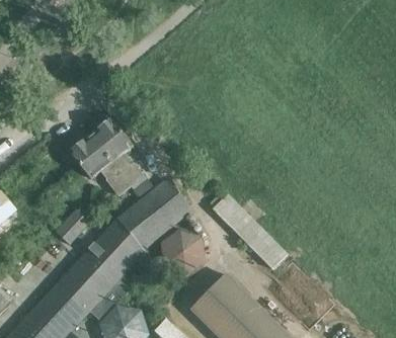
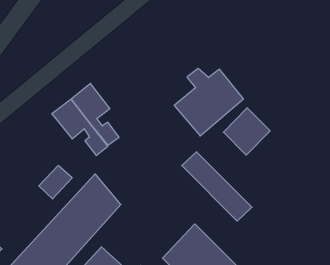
building: none -> [223,108,270,155]
building: [116,176,192,250] -> [174,68,243,136]
building: [163,222,212,271] -> none

